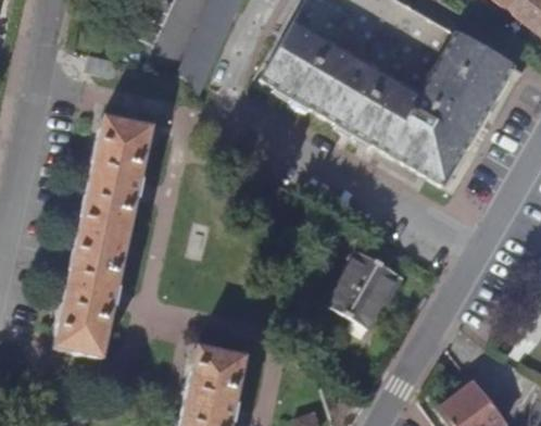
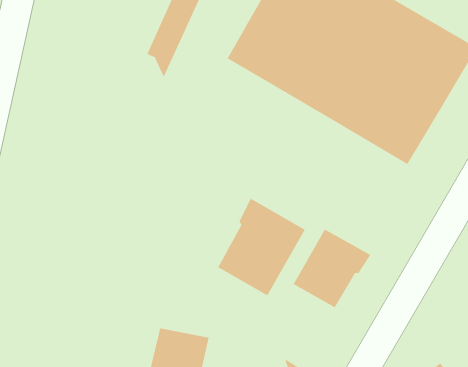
building: [53,118,150,360] -> none
building: none -> [217,198,305,296]

